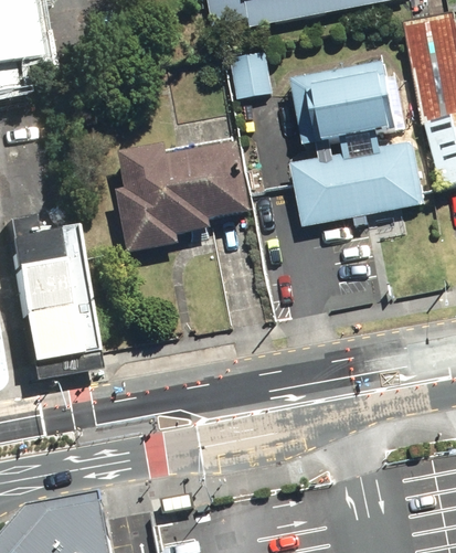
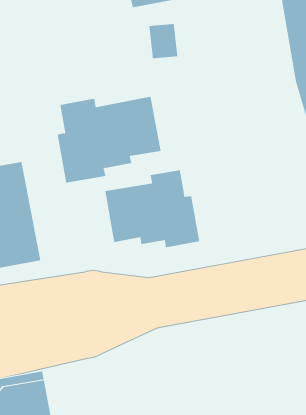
building: [278,45,411,211] -> none
building: none -> [105,170,200,248]

